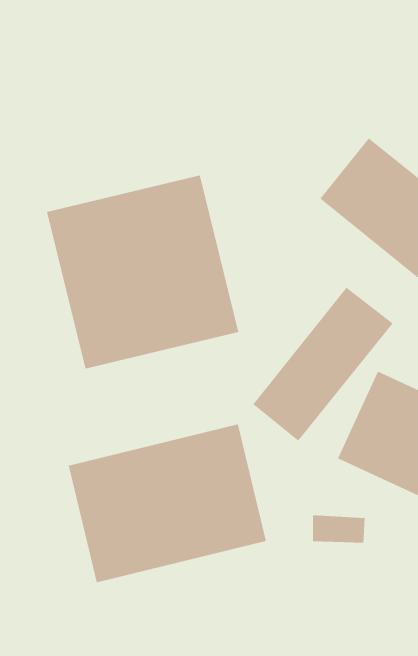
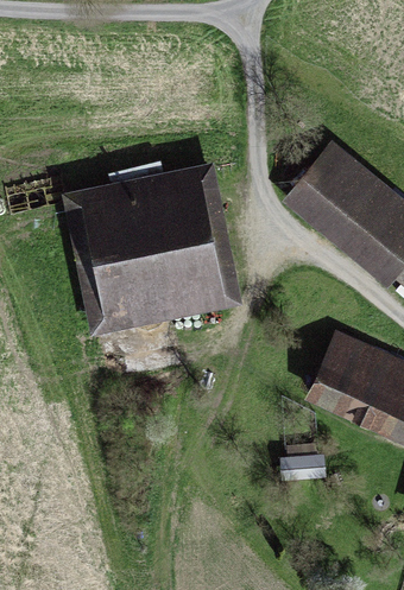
building: [252,287,394,441] -> none
building: [68,424,267,583] -> none

